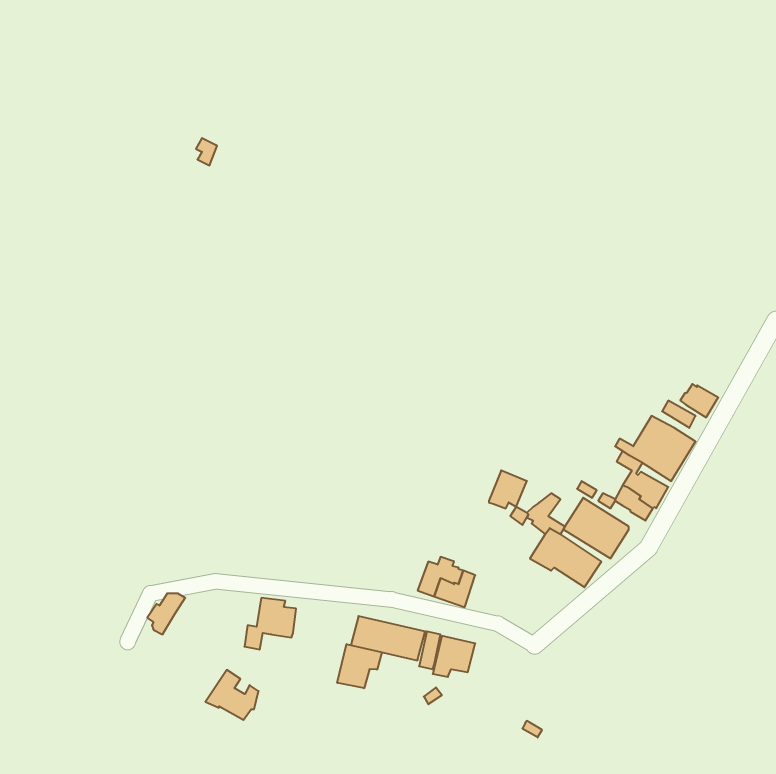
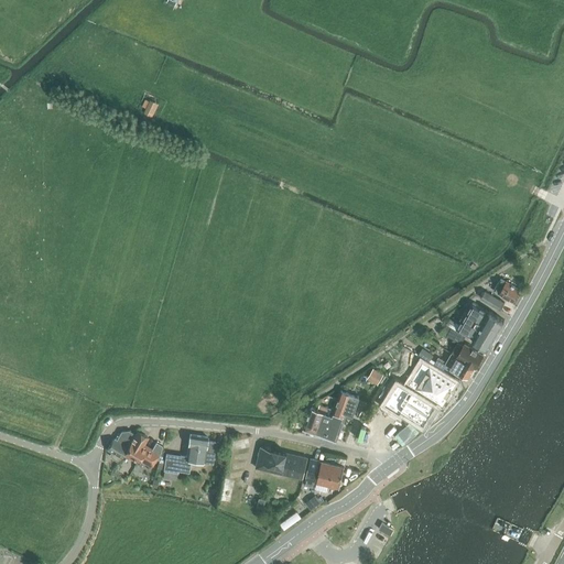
building: [489,470,527,508] -> [333,391,360,419]
building: [337,644,382,688] -> none
building: [205,670,259,720] -> [123,432,162,468]

